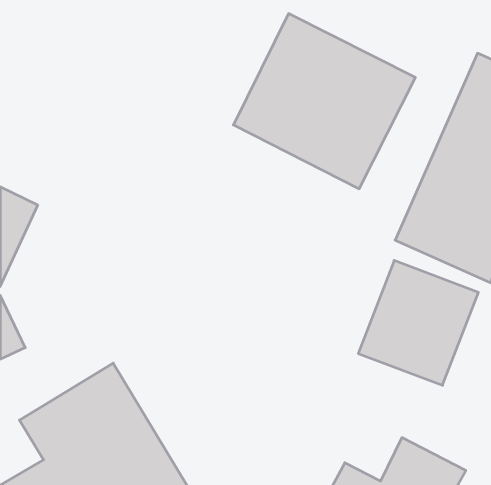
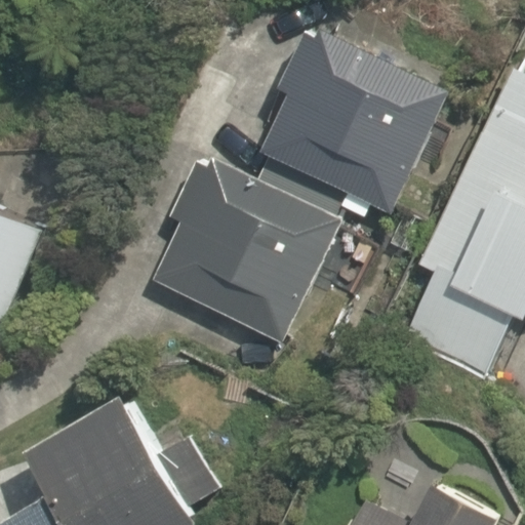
building: none -> [150,157,342,349]

